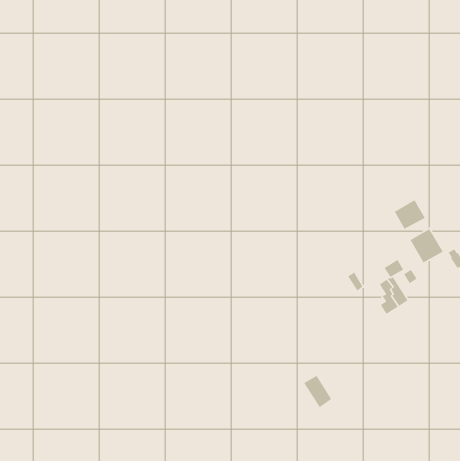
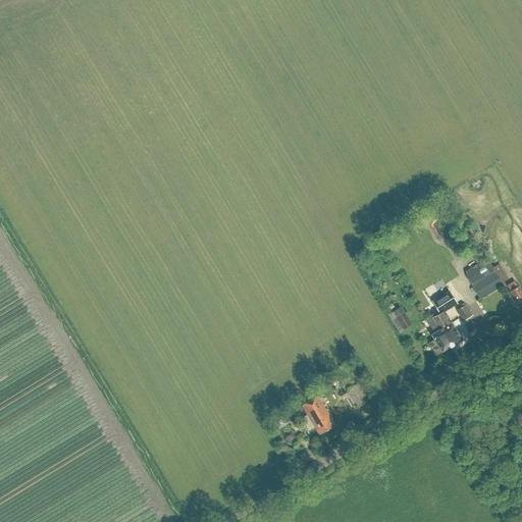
building: [394,199,426,230] -> none
building: [303,375,332,408] -> [304,397,336,434]

